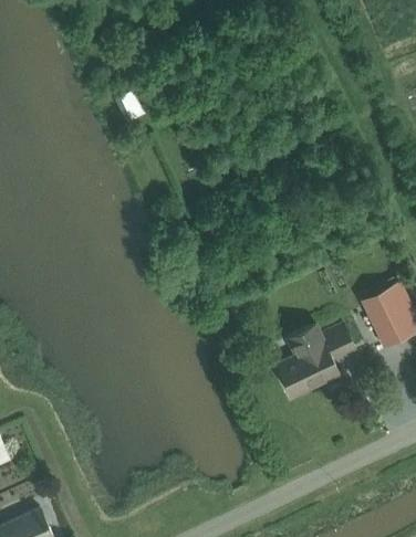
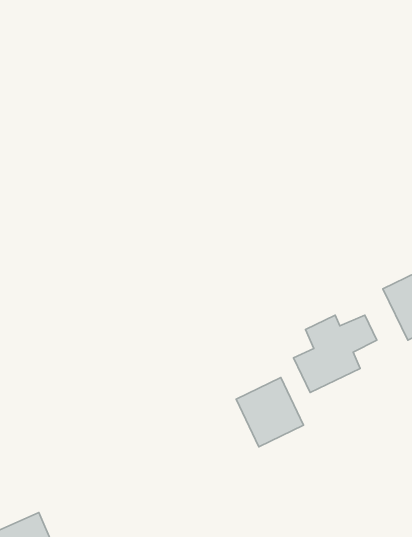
building: none -> [236,378,304,447]

